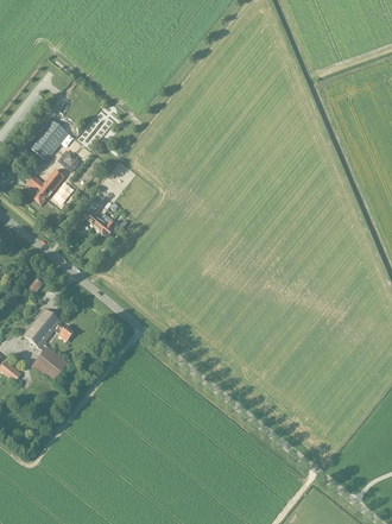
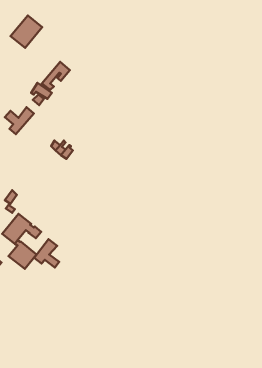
building: [29,118,70,160] -> [11,15,42,48]
building: none -> [34,239,59,268]

